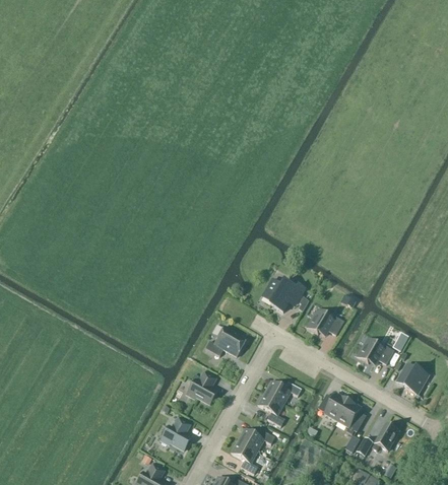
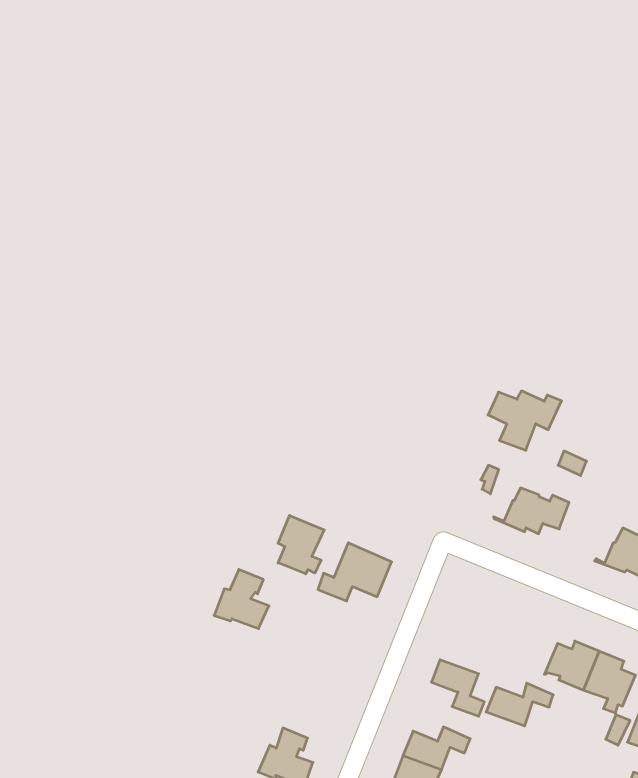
building: [266,278,306,310] -> [488,391,562,450]
building: none -> [278,515,324,574]
building: [187,371,216,404] -> [214,569,269,629]
building: [264,382,301,404] -> [486,683,553,726]

